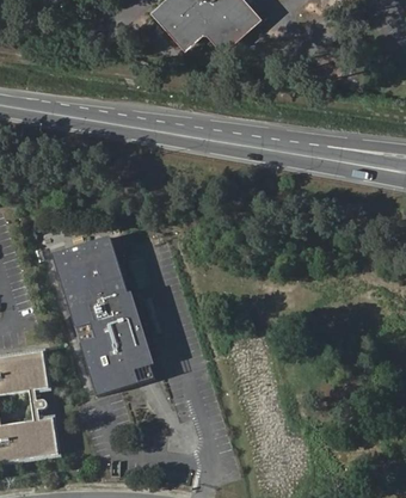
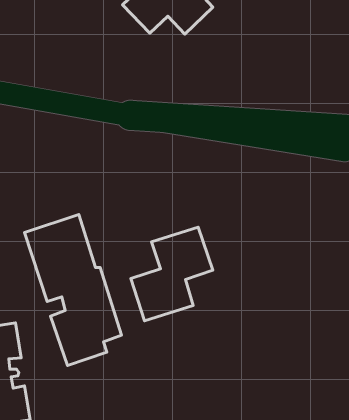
building: none -> [131,227,213,321]

